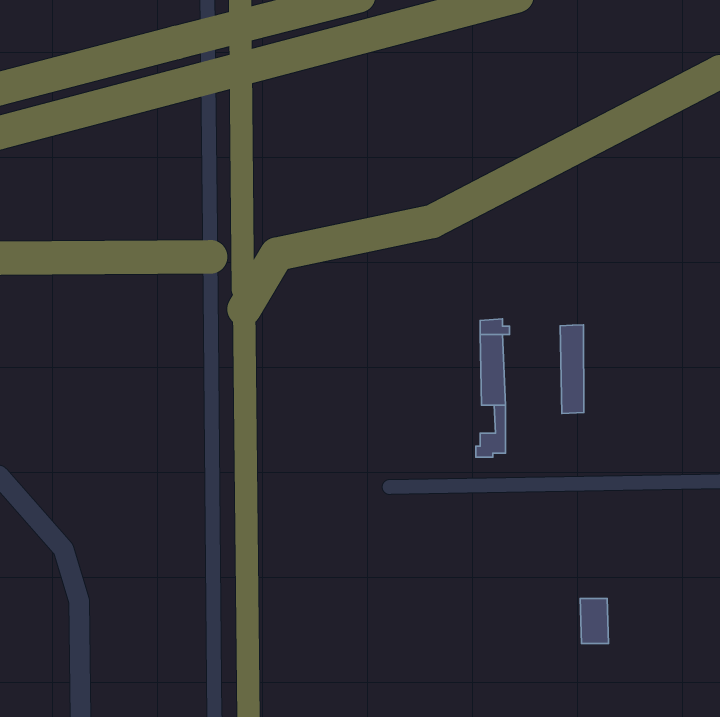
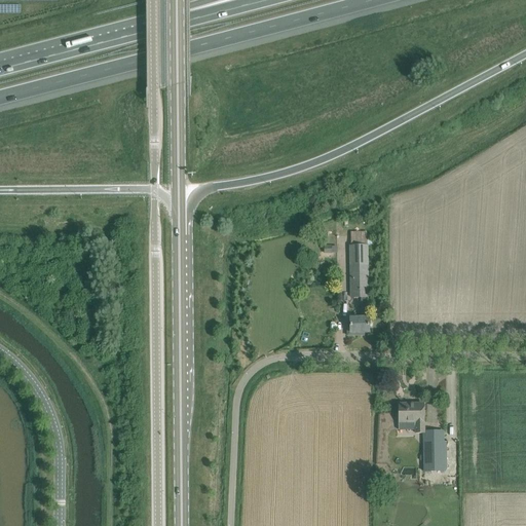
building: [560,325,584,413] -> none
building: none -> [398,401,423,430]

